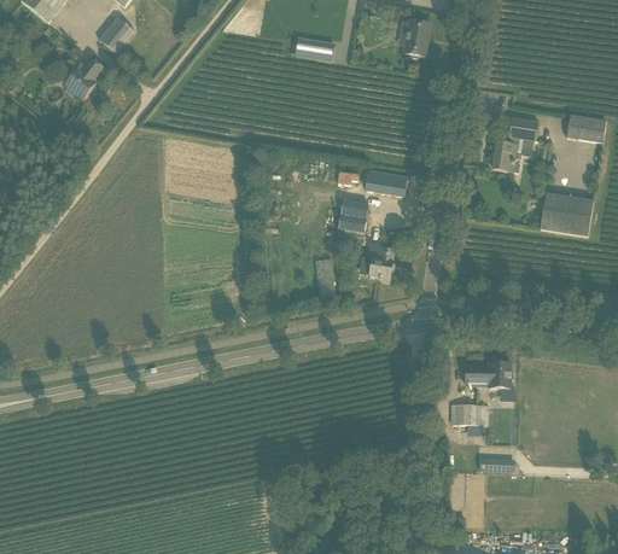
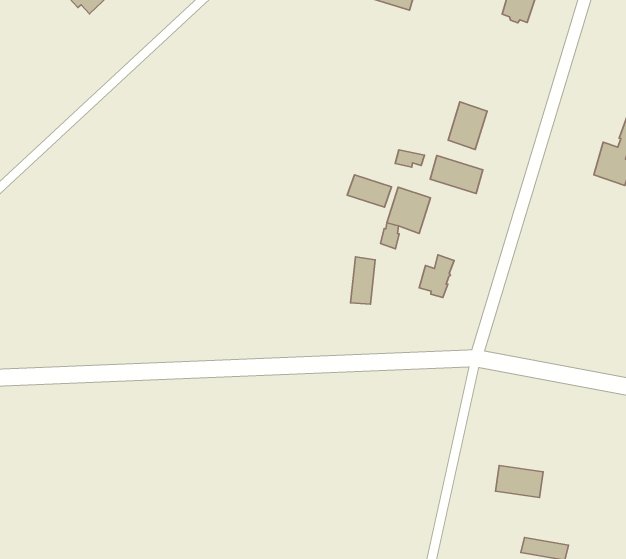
building: none -> [448,102,487,149]
building: none -> [347,175,392,207]
building: [465,362,512,386] -> none

